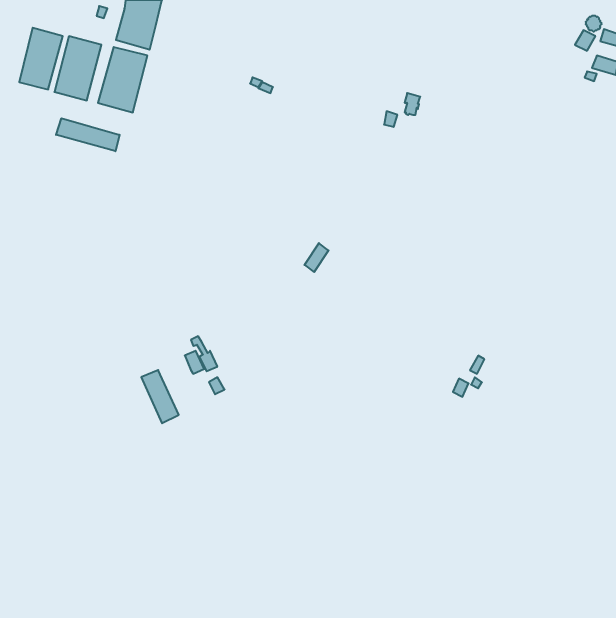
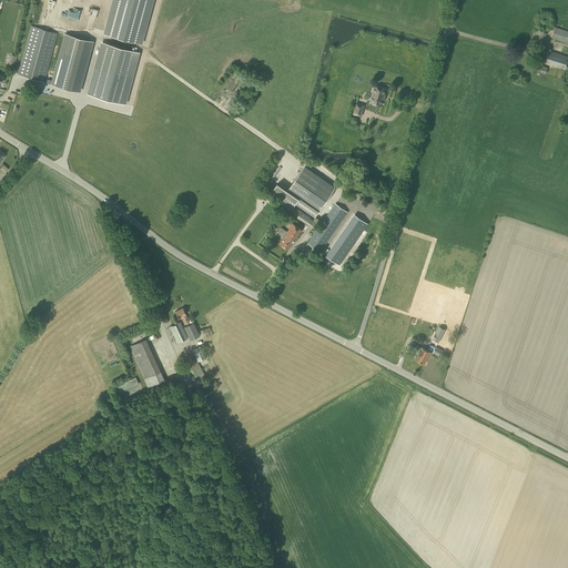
building: [56,118,120,151] -> none
building: none -> [272,170,369,265]

